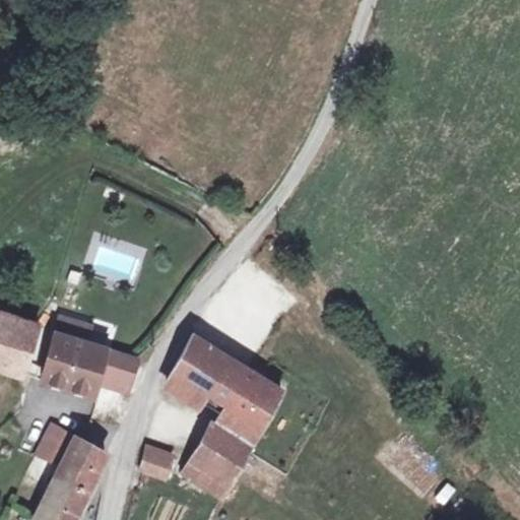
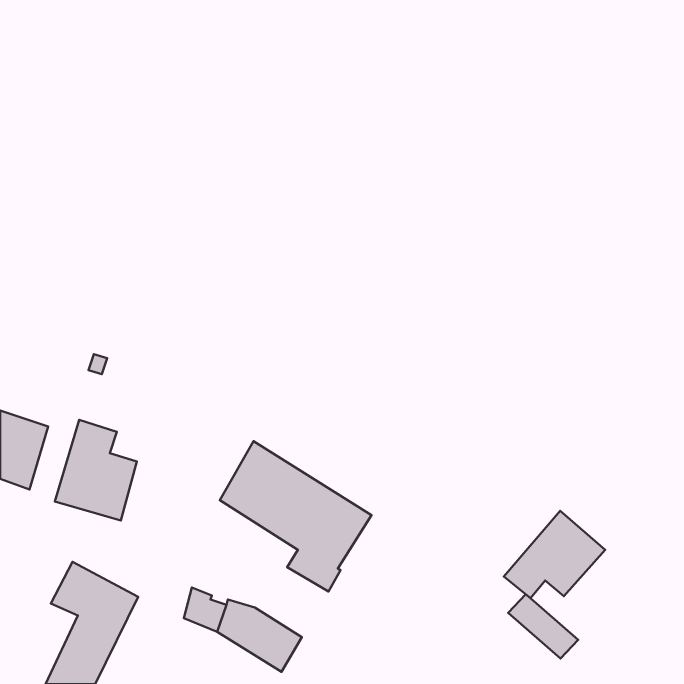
building: [103,351,138,390] -> none
building: none -> [504,511,605,598]
building: [194,426,250,482] -> none

